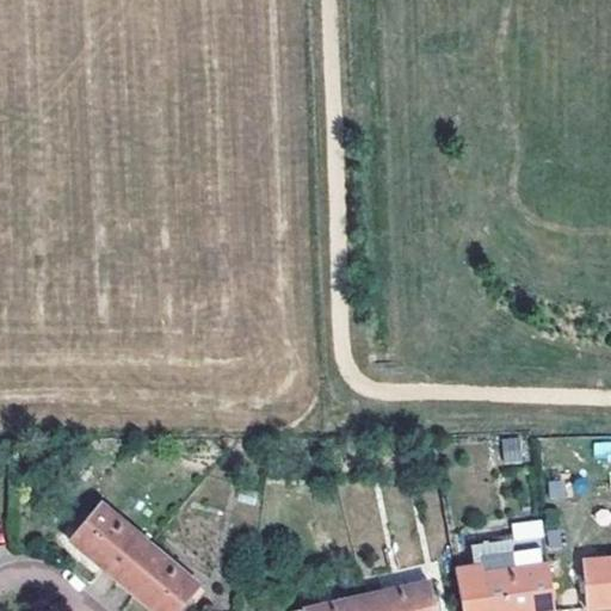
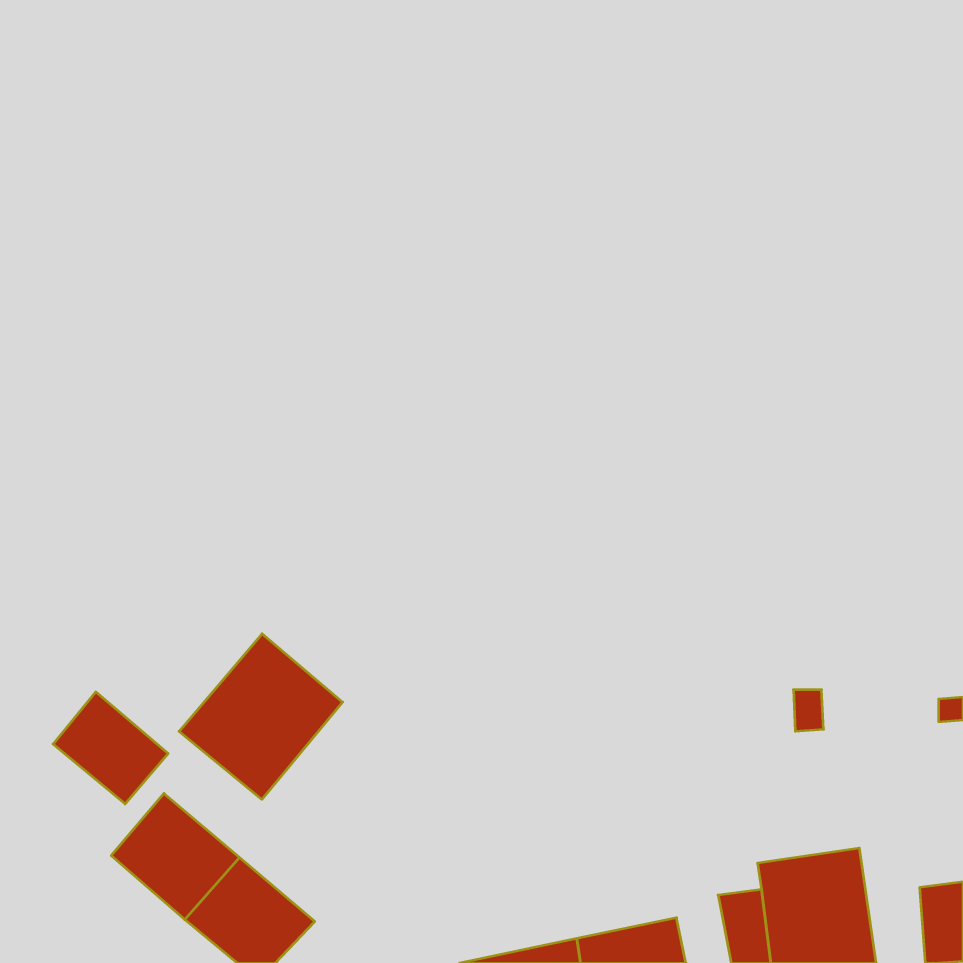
building: none -> [179,634,343,799]
building: none -> [53,692,168,804]

